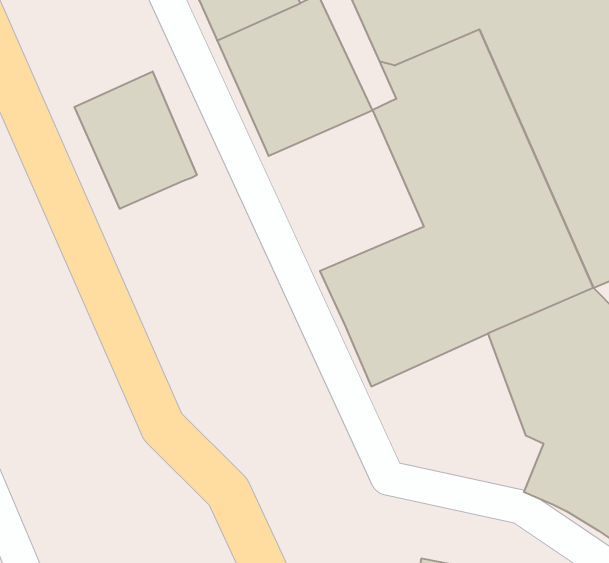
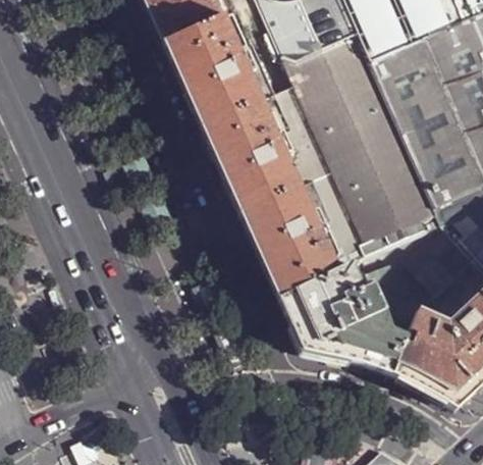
building: [74,71,197,209] -> none
building: none -> [200,84,314,202]
building: none -> [275,248,401,364]

